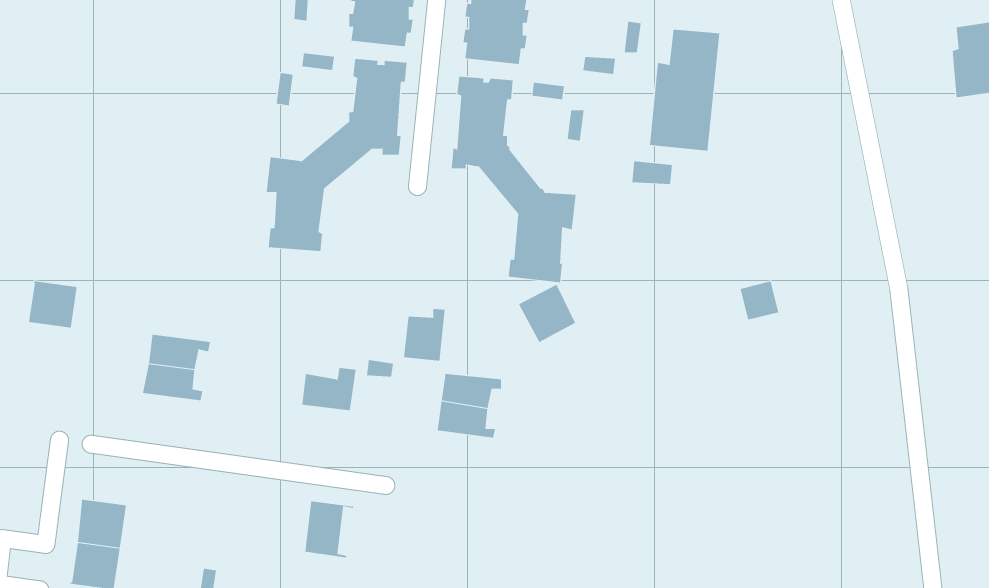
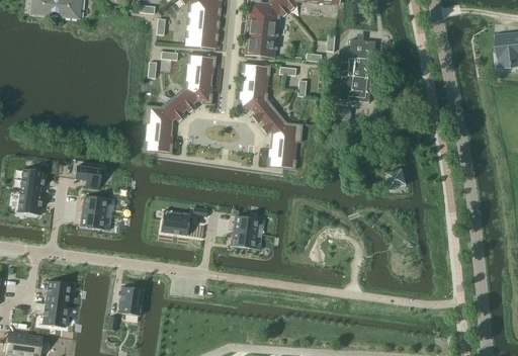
building: none -> [75,165,103,189]
building: [519,284,576,343] -> none
building: [403,308,445,362] -> none
building: none -> [18,189,44,214]
building: [305,501,354,558] -> [119,286,145,316]

